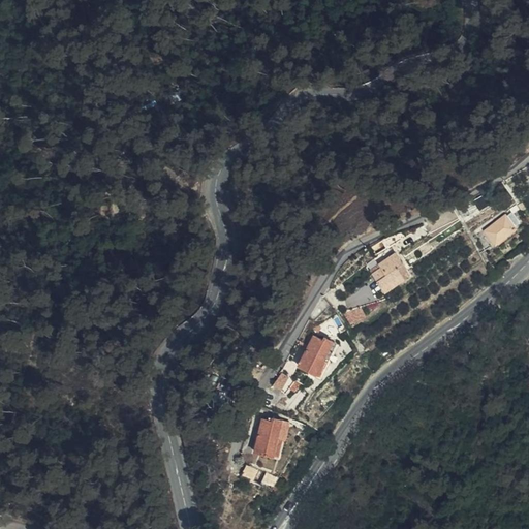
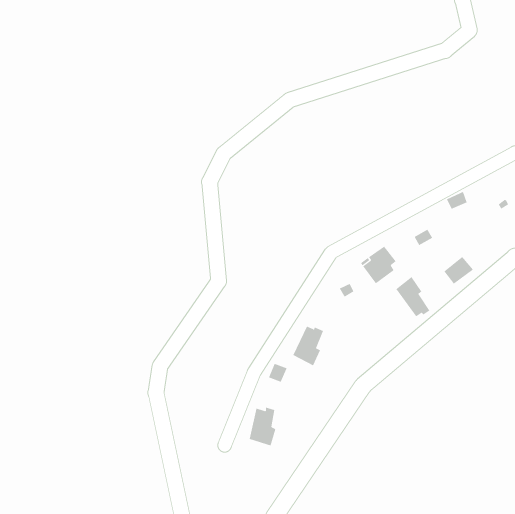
building: [485,217,516,246] -> [443,256,474,285]
building: none -> [396,276,430,317]

